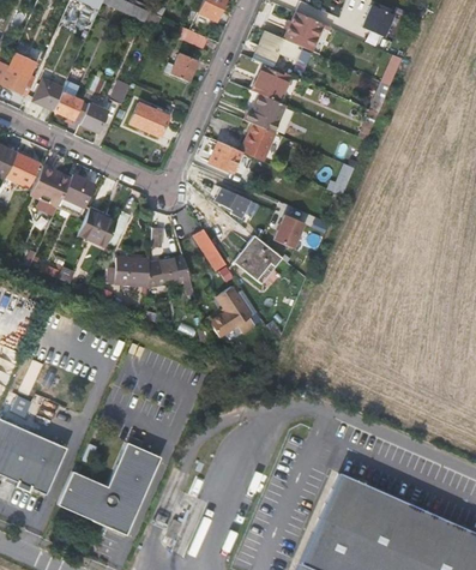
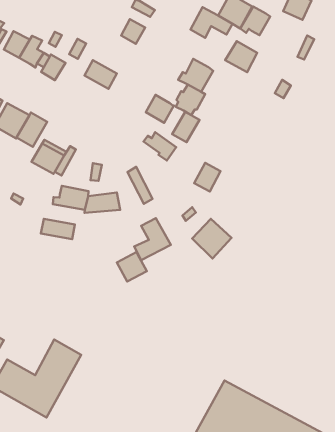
building: none -> [240,7,270,35]
building: [252,66,289,102] -> [225,41,257,72]
building: none -> [172,112,199,142]
building: [233,235,279,282] -> [192,219,232,258]
building: none -> [41,219,75,239]
building: none -> [117,252,147,282]

